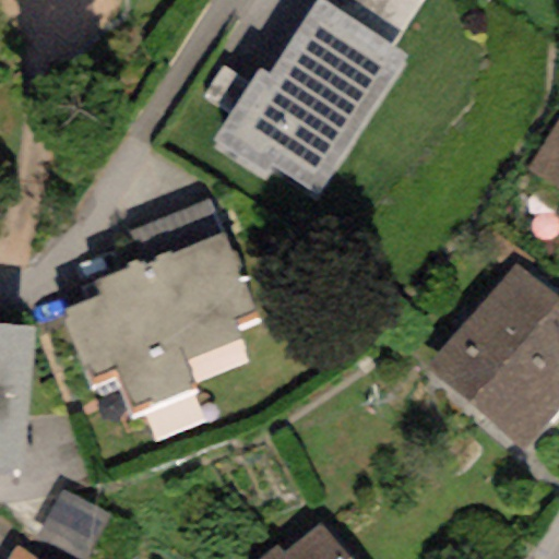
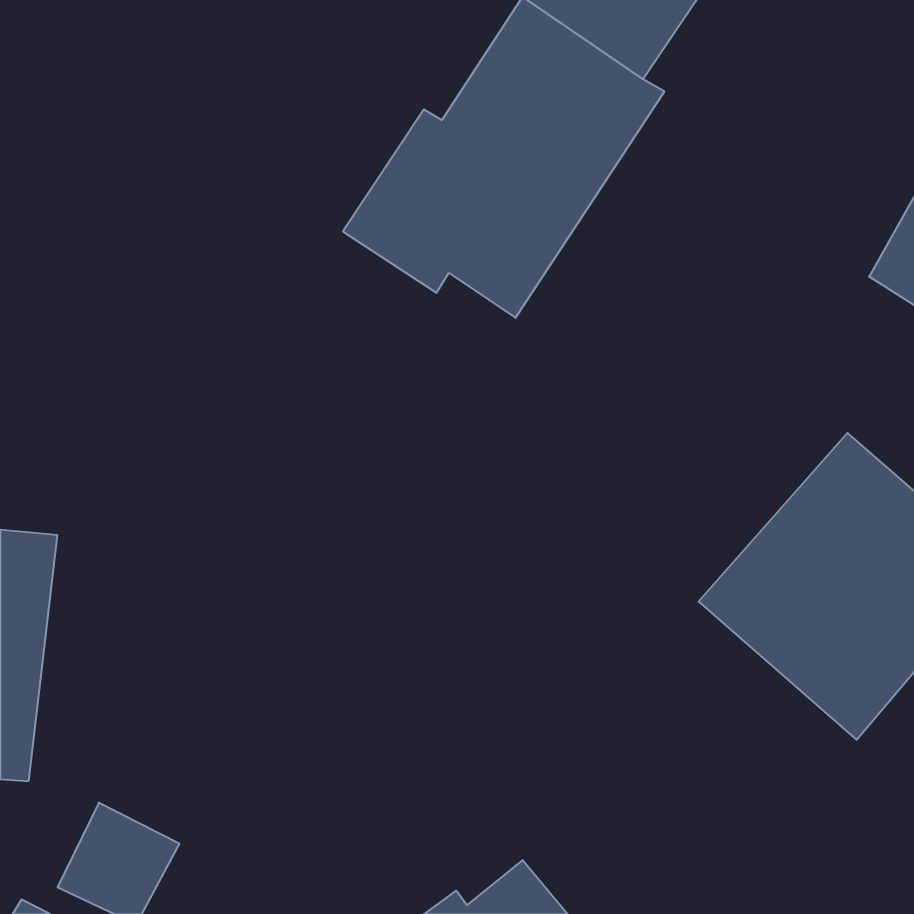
building: [62,199,259,413] -> none

